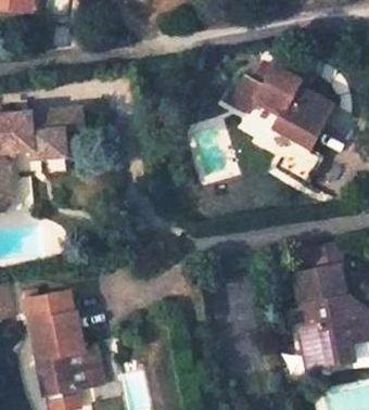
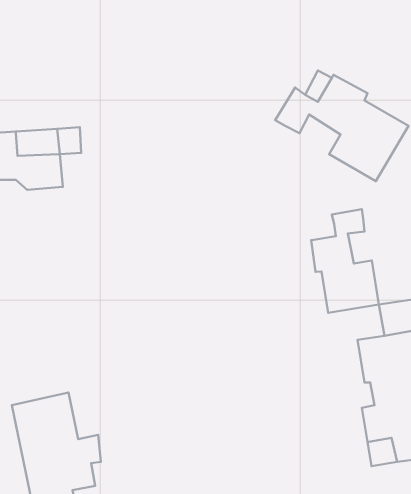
building: none -> [311,209,379,313]
building: [25,293,74,324] -> none

